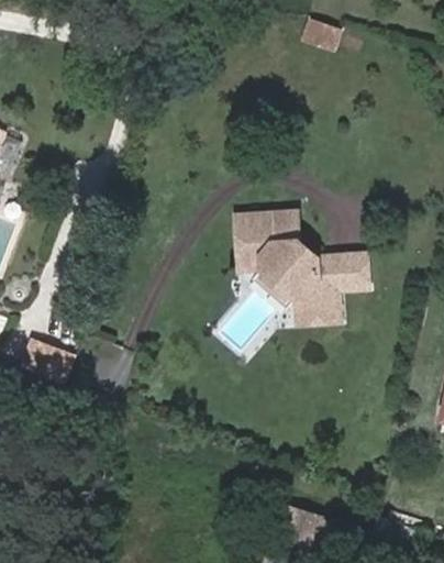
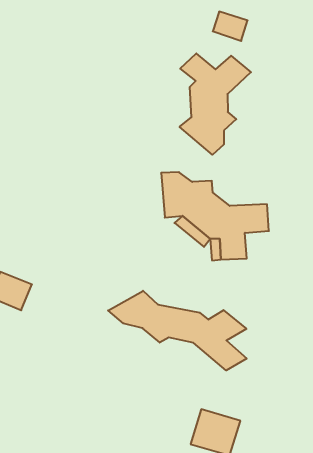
building: none -> [180,53,251,155]
building: none -> [108,291,247,370]

